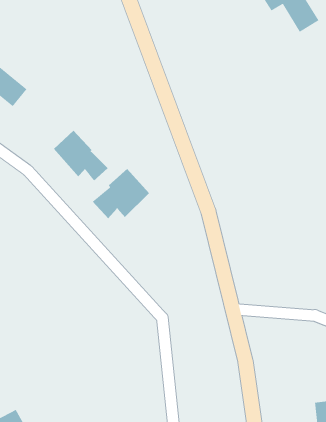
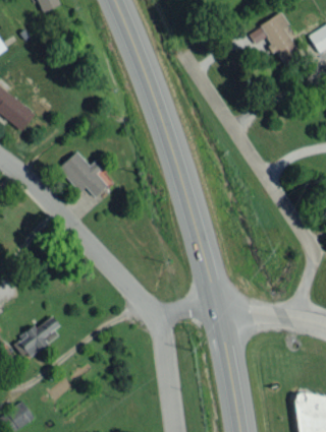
building: [92,168,150,219] -> none
building: none -> [18,316,62,356]

